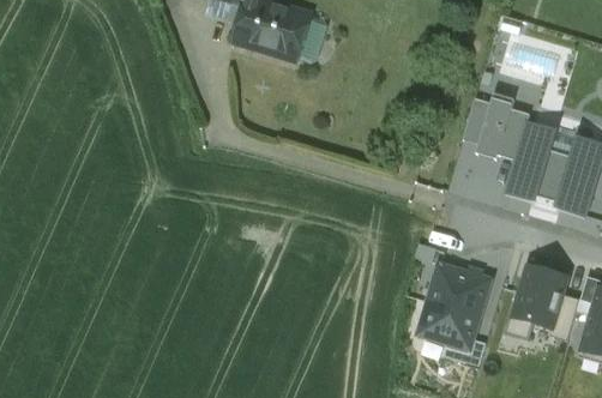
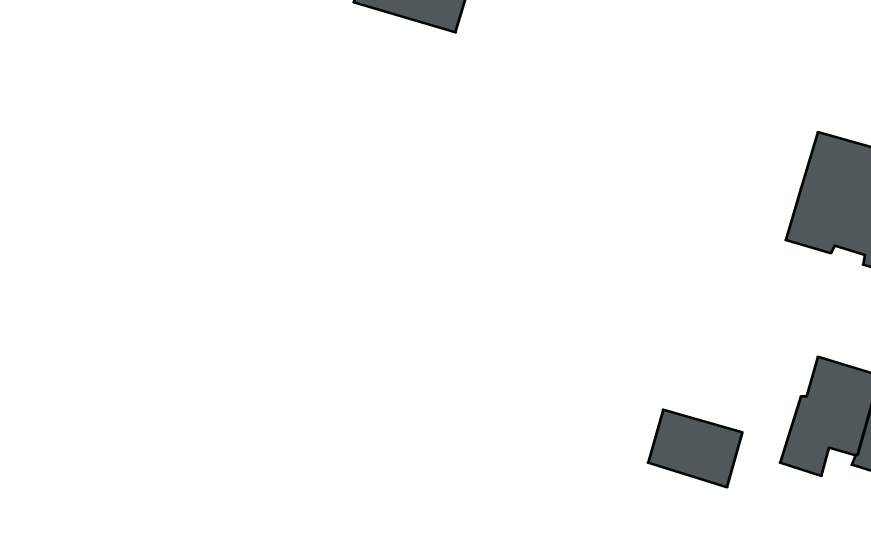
building: [464,100,531,161] -> none
building: [431,266,492,315] -> none

